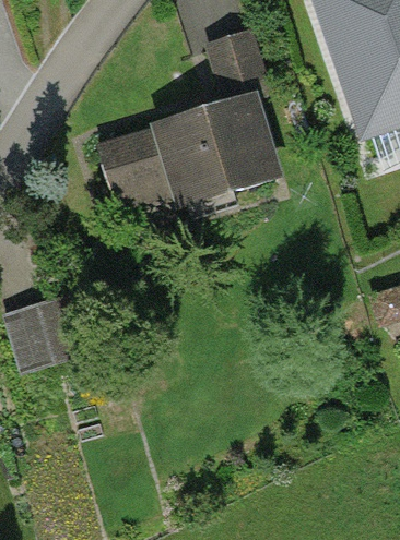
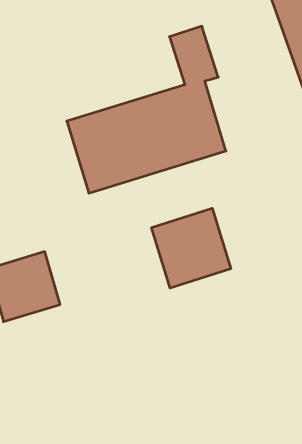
building: none -> [152,208,231,288]

